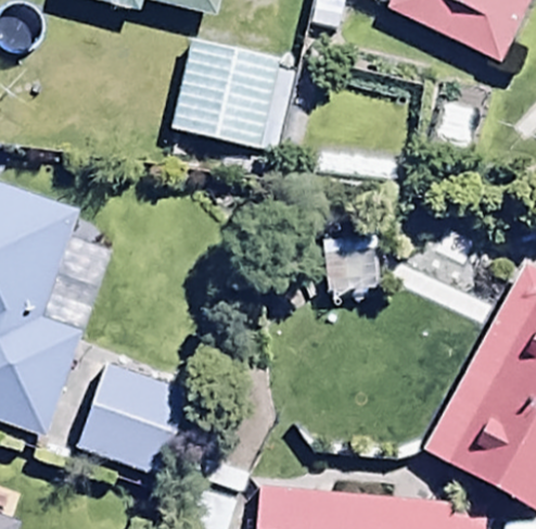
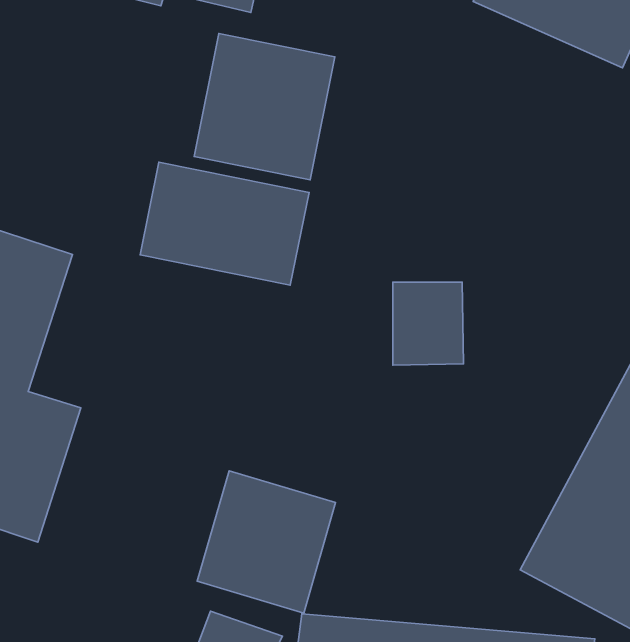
building: none -> [140,162,309,285]
building: [76,363,184,475] -> [197,471,336,613]

